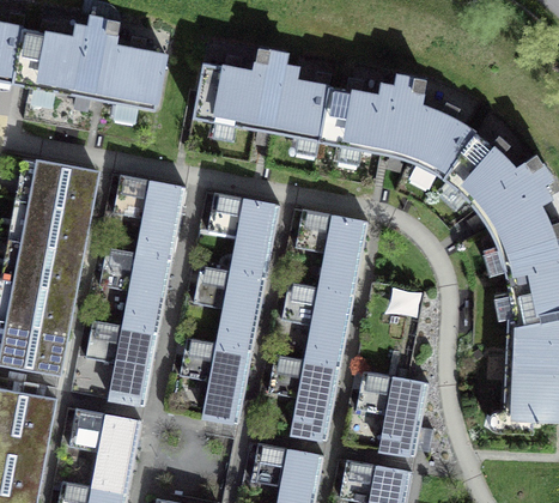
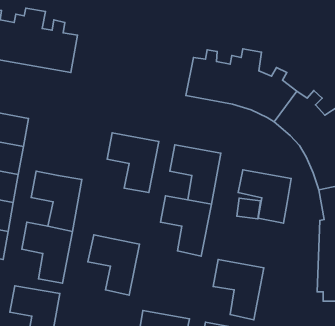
building: [194,48,332,140] -> none
building: [114,175,186,259] -> none
building: none -> [238,170,291,223]
building: [194,265,266,350] -> none
building: [268,353,340,440] -> none

